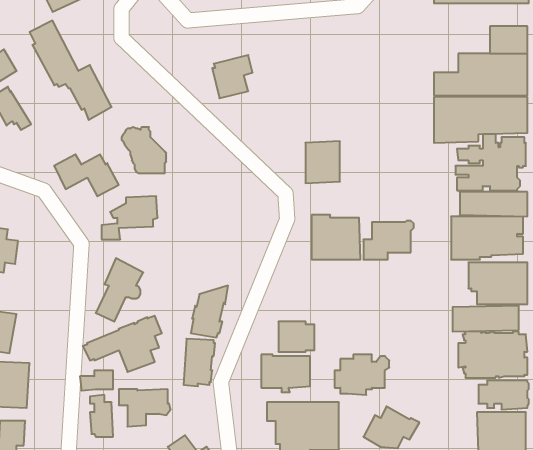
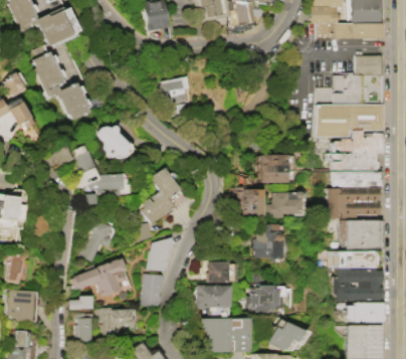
building: [305,141,340,183] -> [264,154,288,183]
building: none -> [140,168,181,223]
building: none -> [252,223,281,262]

